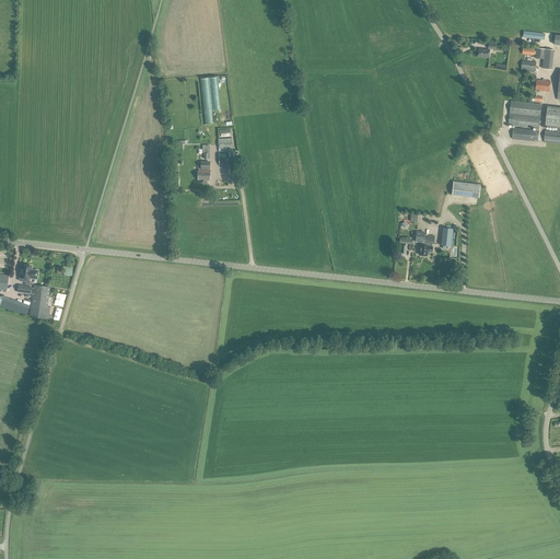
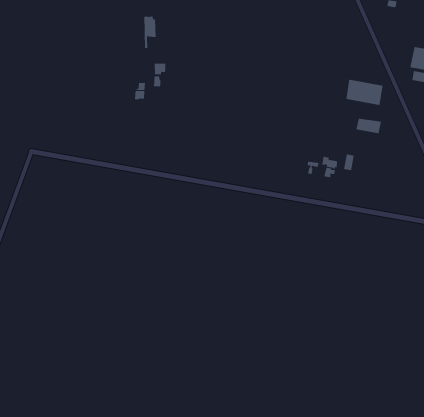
building: none -> [346,79,383,106]

